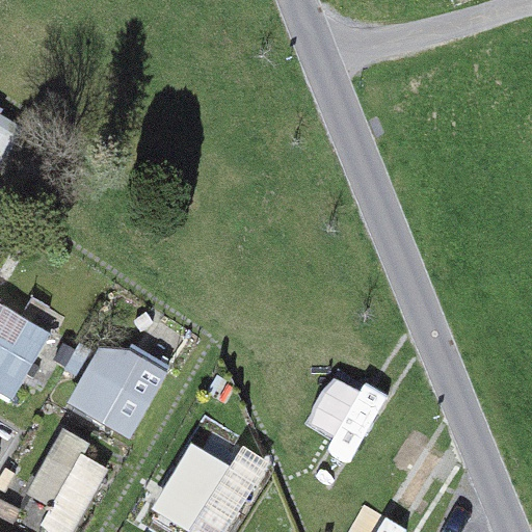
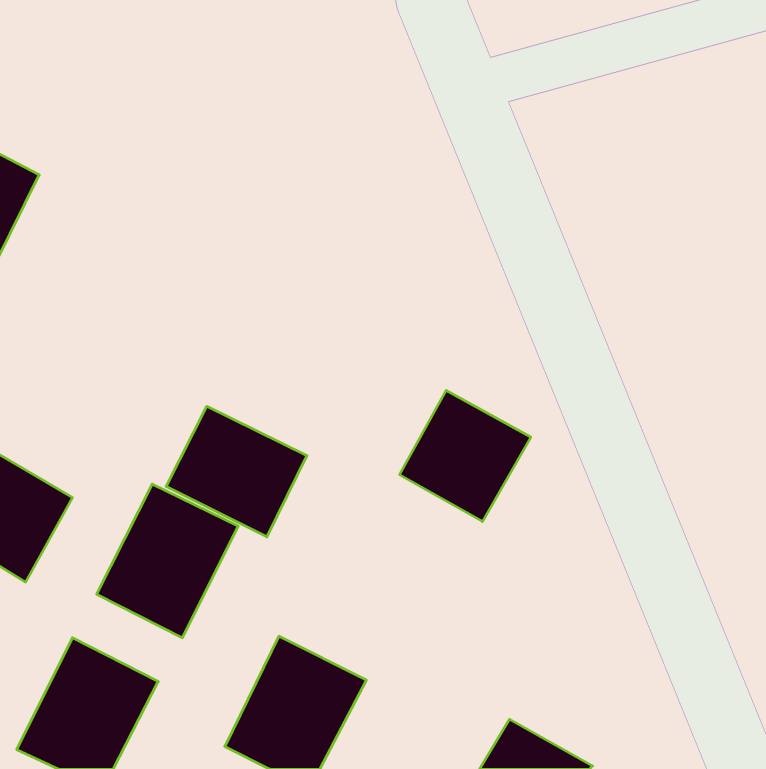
building: none -> [166,406,307,537]
building: [295,371,385,461] -> [400,390,531,522]

